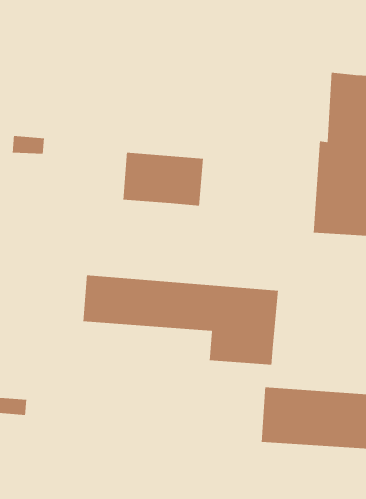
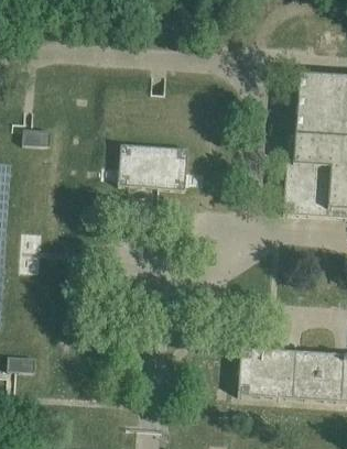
building: [82,274,279,365] -> none

